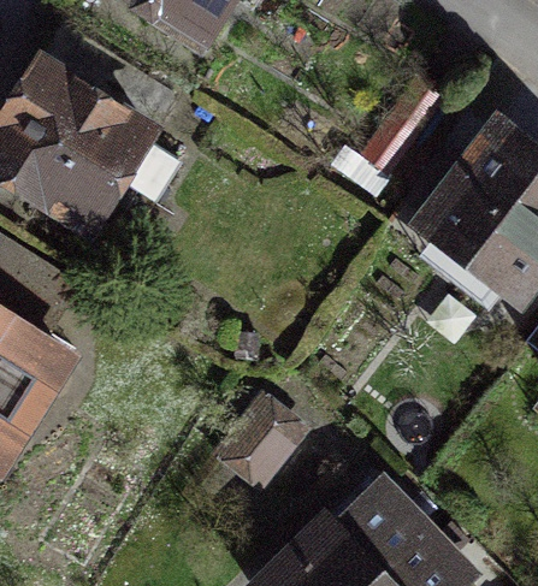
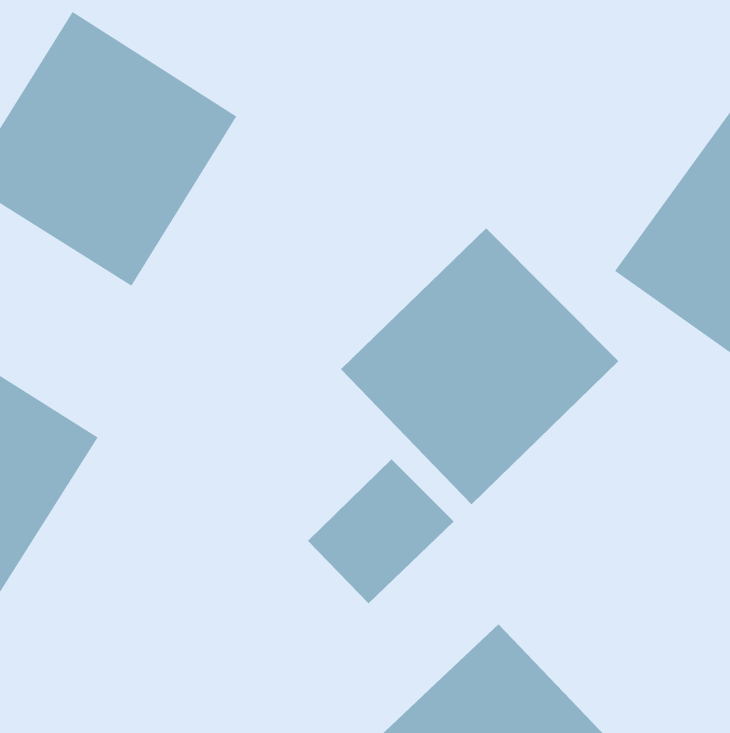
building: none -> [340,228,619,505]

